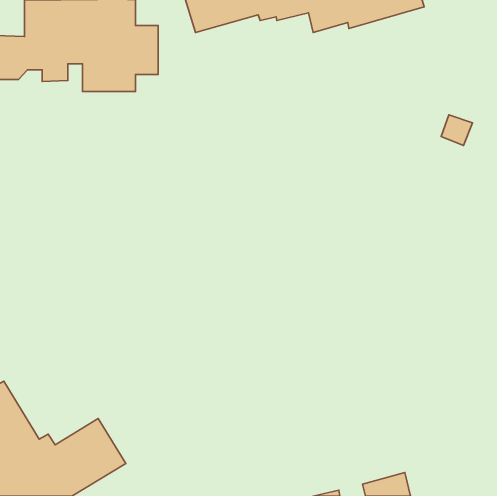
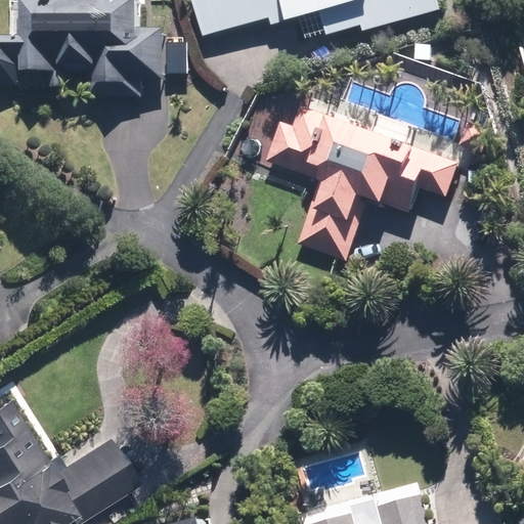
building: none -> [266,103,458,258]

